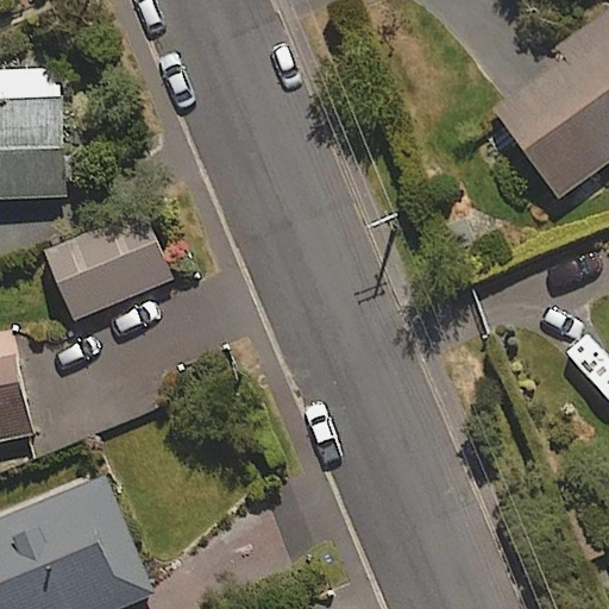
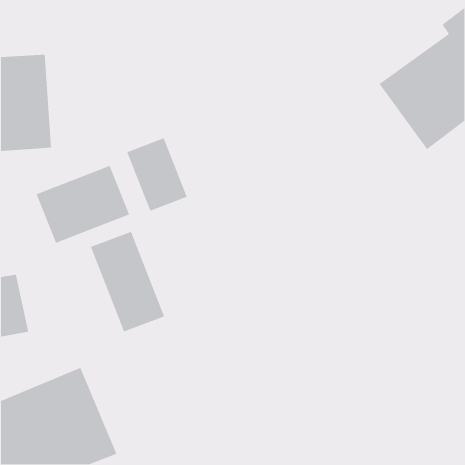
building: none -> [126,137,188,212]
building: none -> [90,231,165,333]

